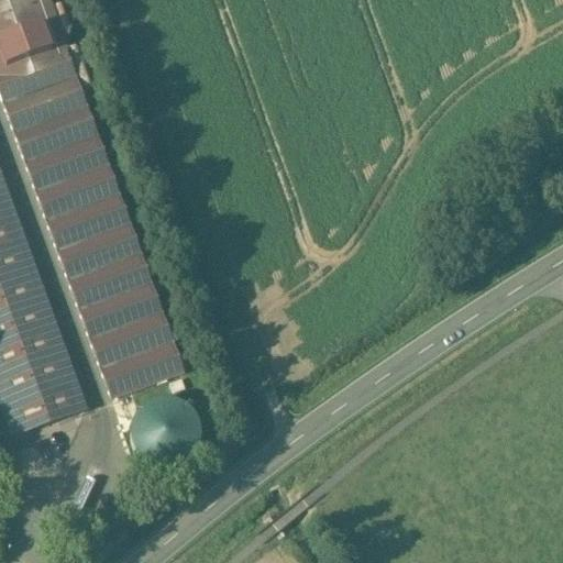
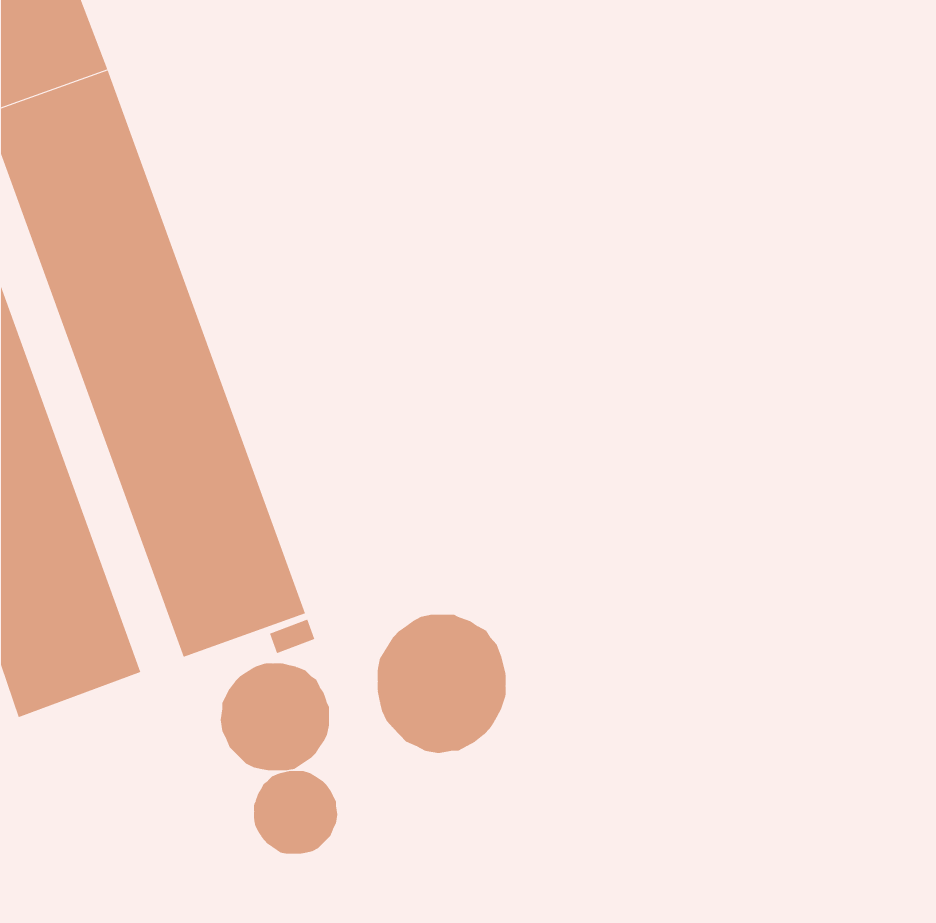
building: none -> [377,614,506,754]
building: none -> [254,770,338,855]

